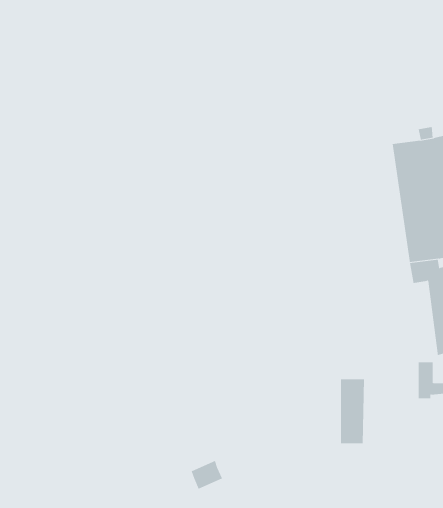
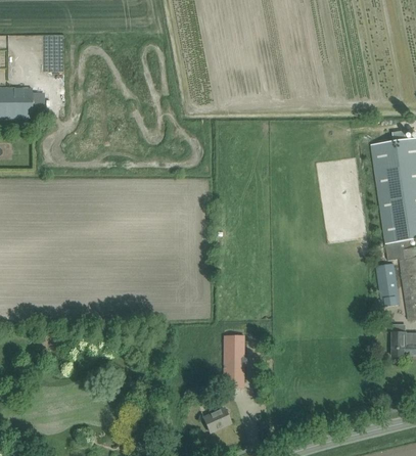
building: none -> [377,264,400,307]
building: [340,379,365,444] -> [224,334,244,389]

